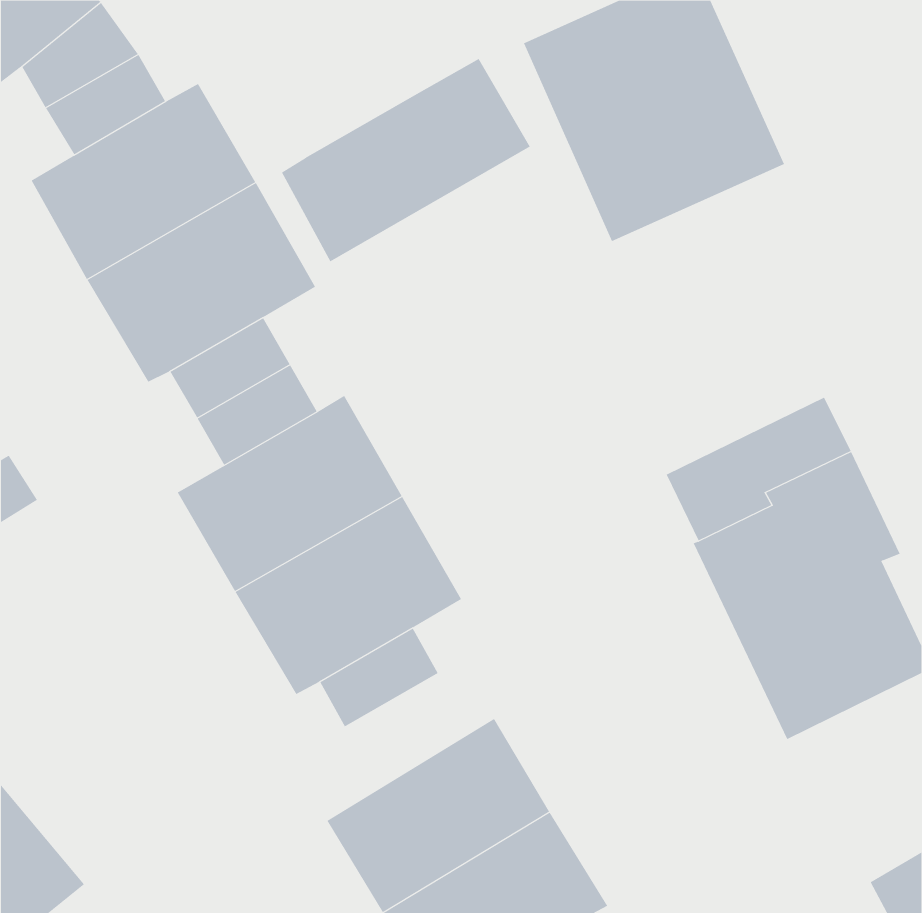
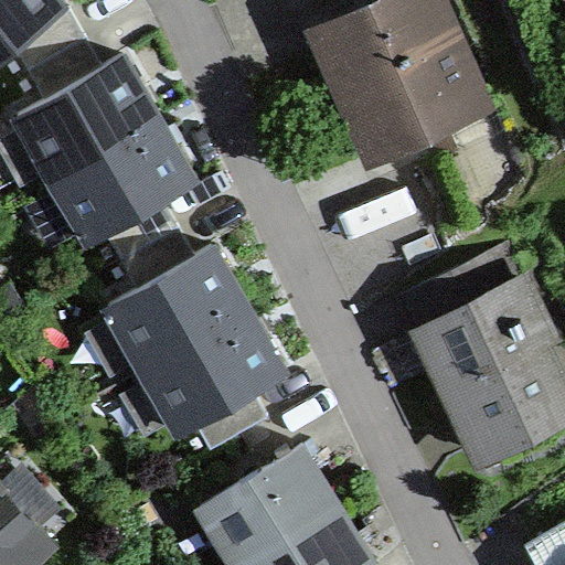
building: [281,58,531,262] -> none

